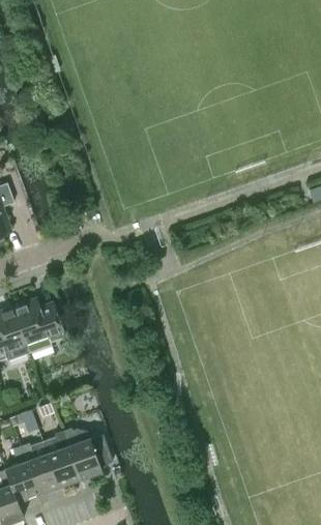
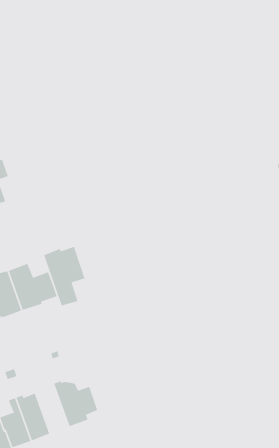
building: none -> [43,246,86,307]
building: [43,431,81,487] -> none

